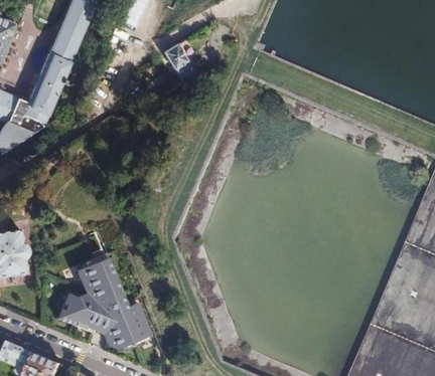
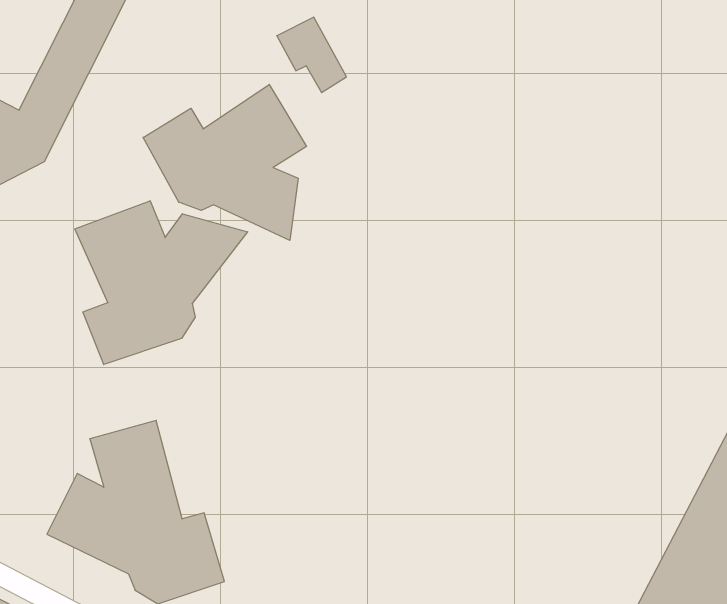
building: none -> [143,84,306,240]
building: none -> [75,201,248,365]

